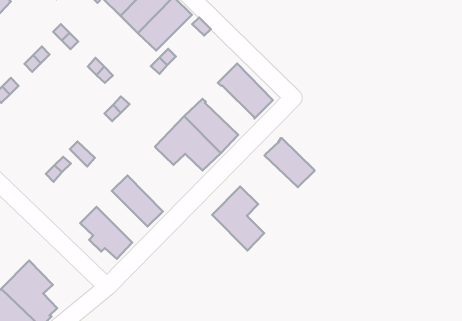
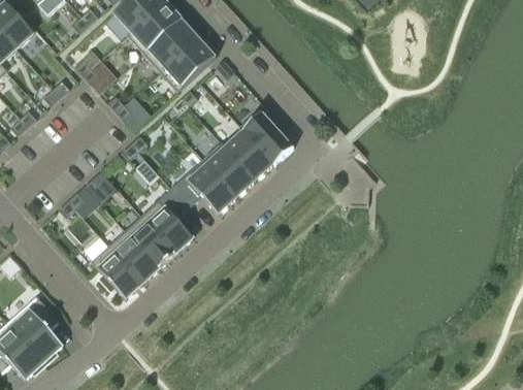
building: [265,138,314,187] -> [224,129,273,180]
building: [212,187,264,251] -> [141,188,193,253]
building: none -> [108,229,159,283]

